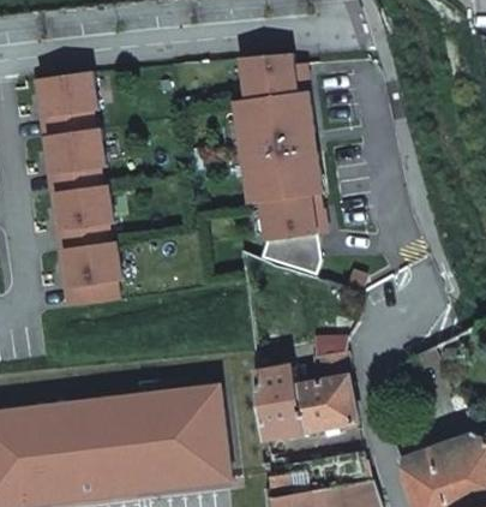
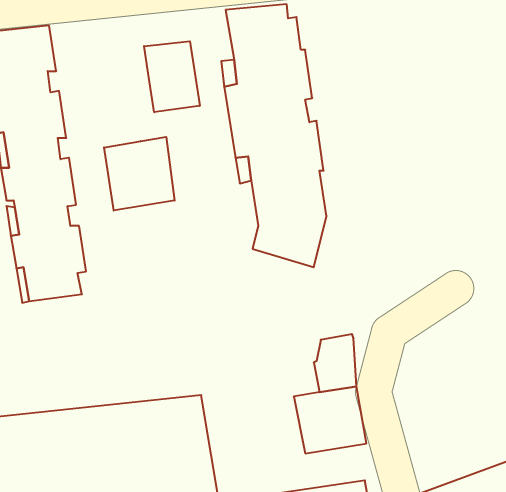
building: none -> [144,41,200,112]
building: none -> [104,137,175,211]
building: [257,366,306,440] -> none

